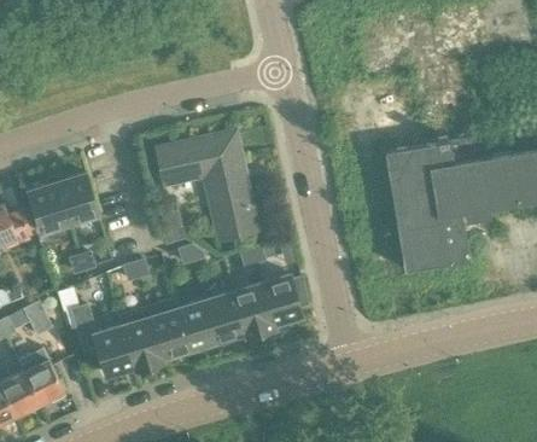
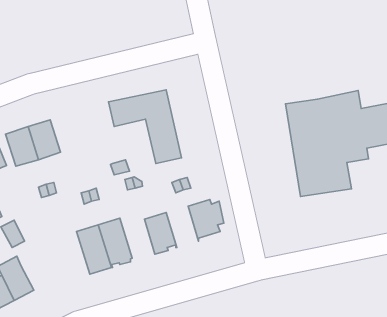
building: [233,284,274,337] -> none
building: [174,299,218,350] -> none
building: [71,306,135,376] -> none

